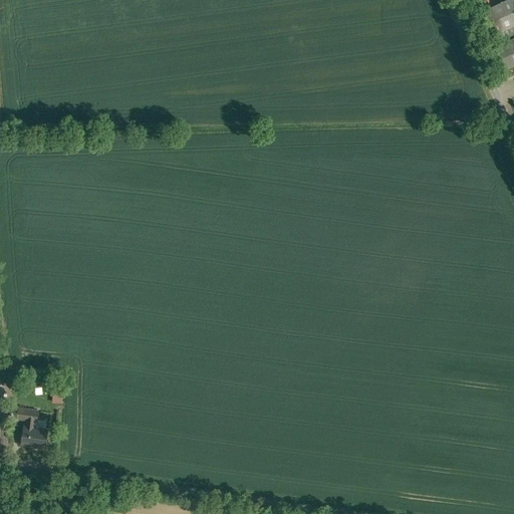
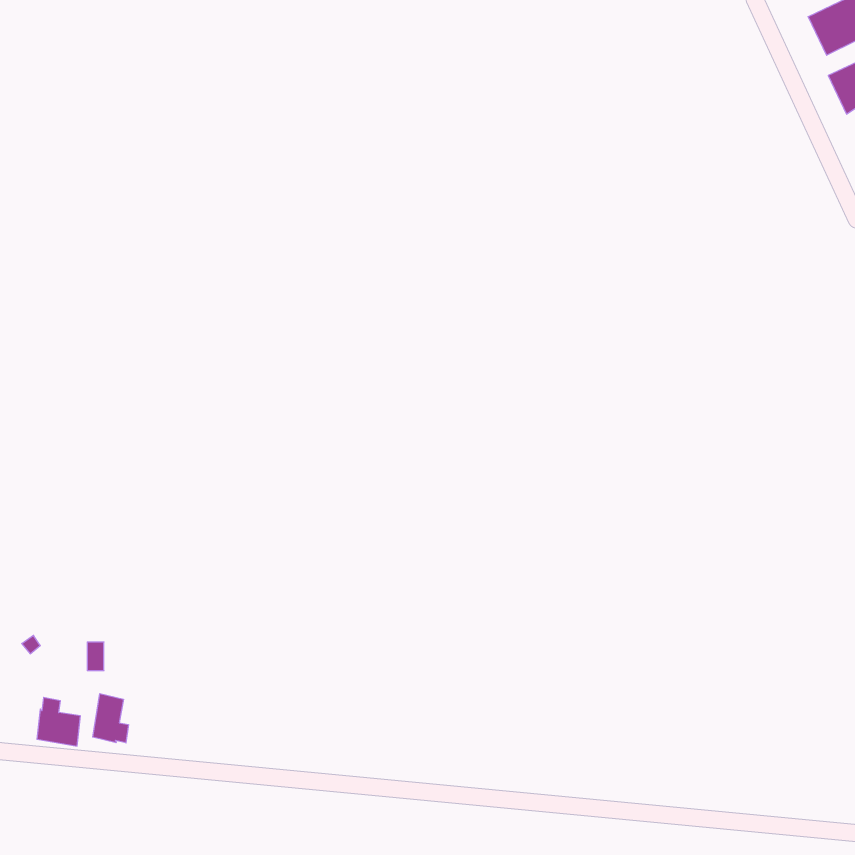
building: none -> [93,694,128,743]

